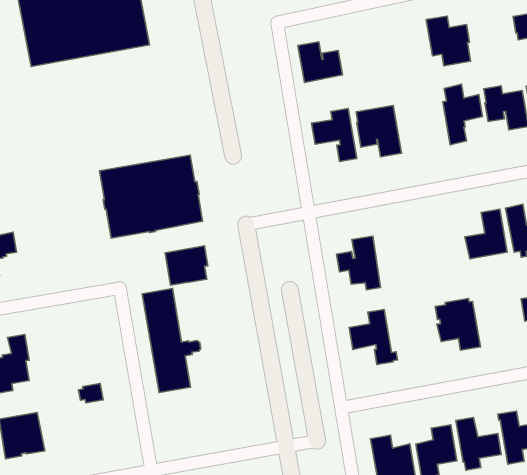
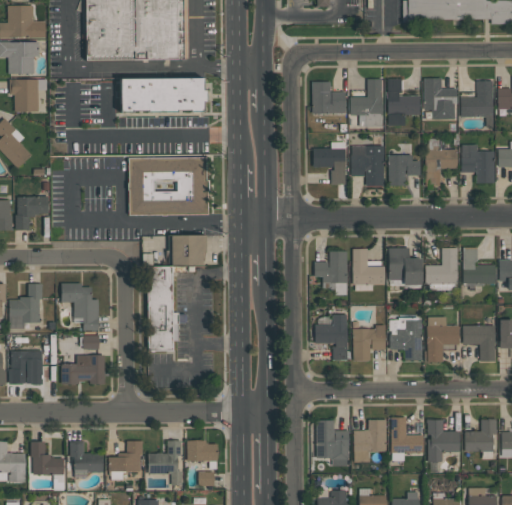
building: none -> [461,80,493,127]
building: none -> [388,78,420,125]
building: none -> [350,79,382,126]
building: none -> [121,79,207,113]
building: none -> [388,154,421,185]
building: none -> [389,247,422,285]
building: none -> [352,248,385,290]
building: none -> [427,316,460,362]
building: none -> [353,324,386,360]
building: none -> [62,283,99,330]
building: none -> [61,355,105,384]

